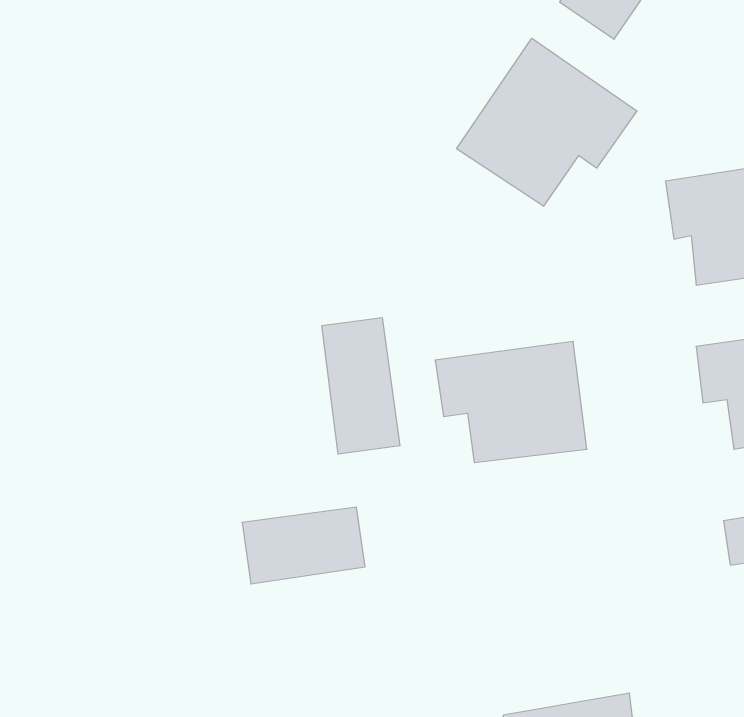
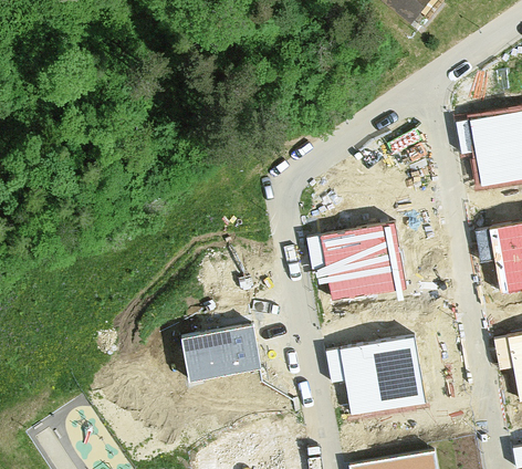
building: [457,38,637,206] -> none
building: [322,318,400,454] -> none
building: none -> [326,336,426,418]

